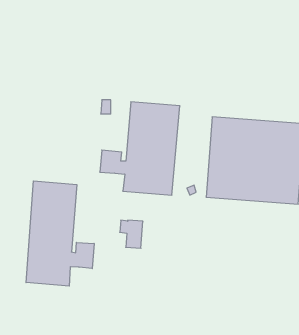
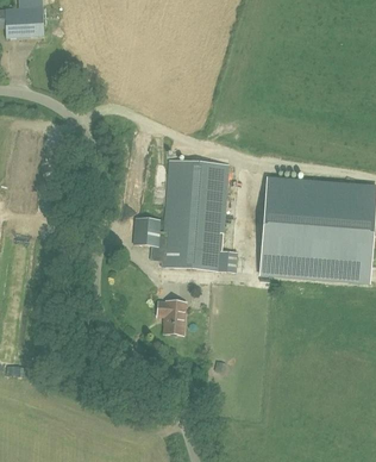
building: [26,181,94,286] -> none

